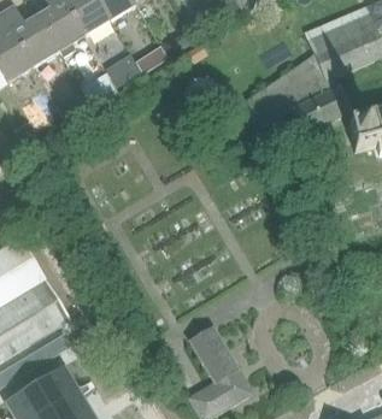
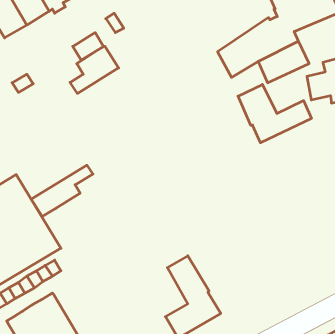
building: none -> [70,46,119,93]
building: none -> [238,84,311,143]
building: none -> [31,165,93,216]

